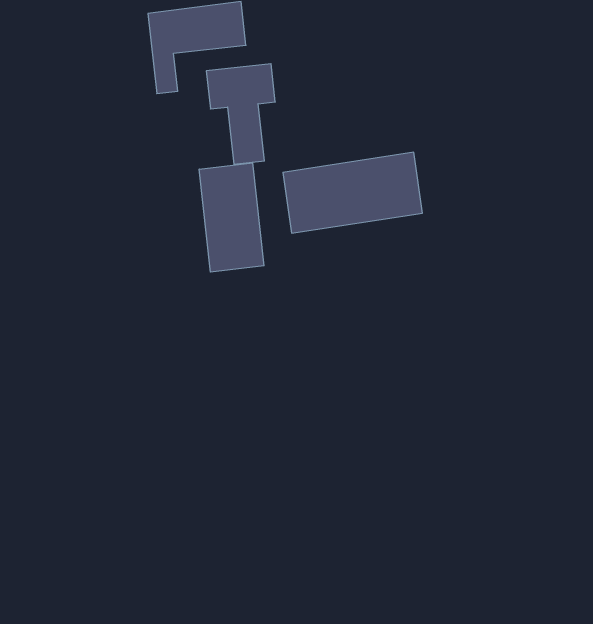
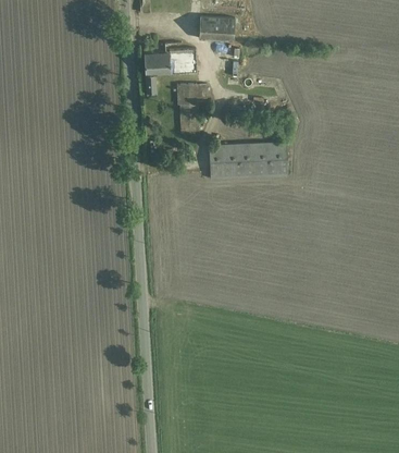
building: [199,163,264,272] -> none

